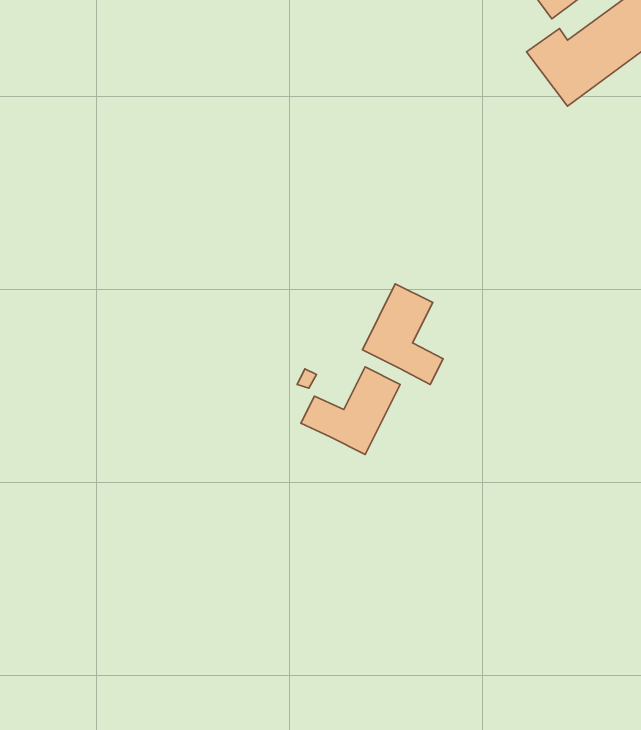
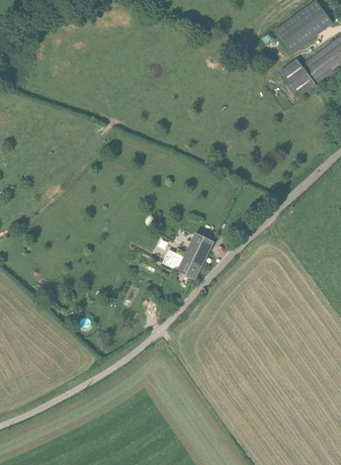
building: [362,284,443,385] -> none

